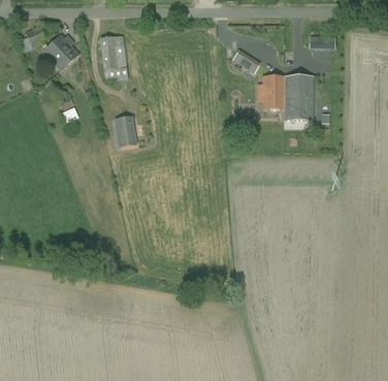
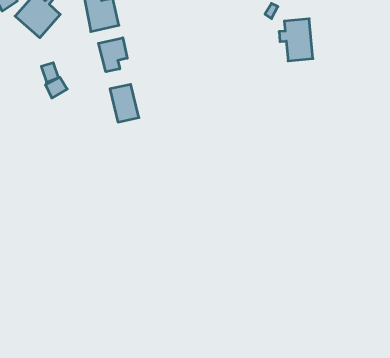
building: [284,76,313,120] -> none
building: none -> [98,38,127,72]

